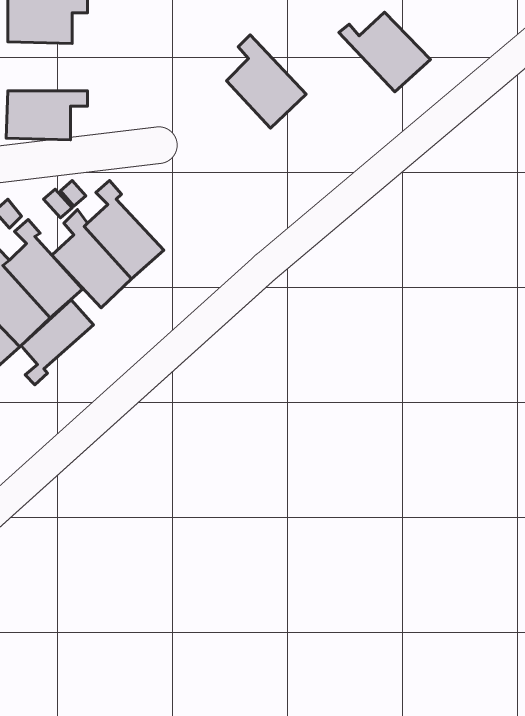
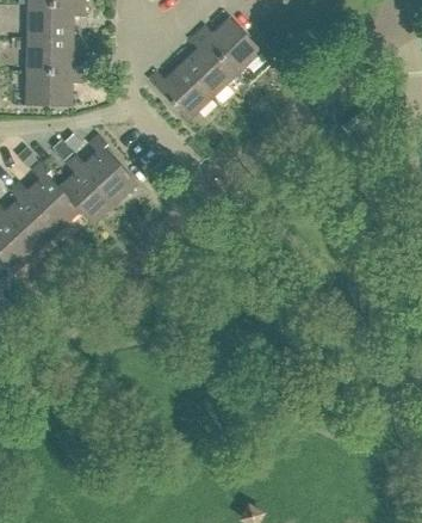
building: [339,12,430,92] -> [197,17,261,73]
building: none -> [26,36,82,70]
building: none -> [148,63,211,119]
building: [21,300,94,385] -> none

